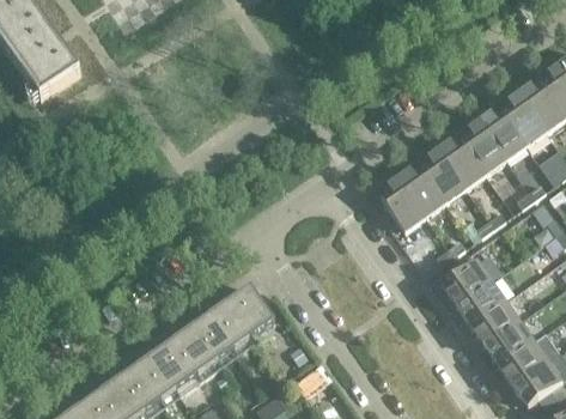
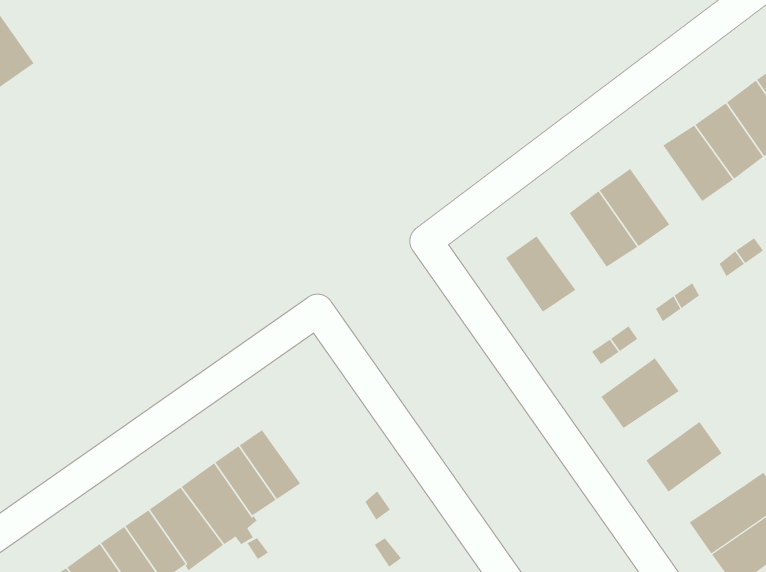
building: [460,122,505,172] -> none
building: [400,165,444,214] -> none
building: [455,279,504,323] -> none
building: [225,286,274,344] -> none
building: [483,318,532,363] -> none

